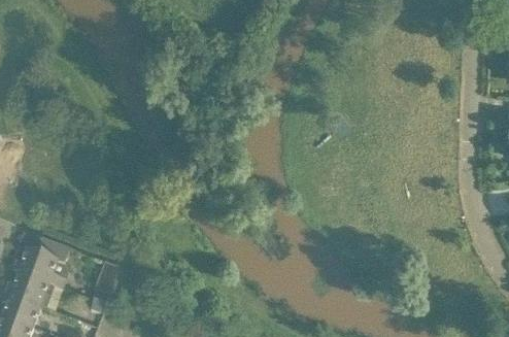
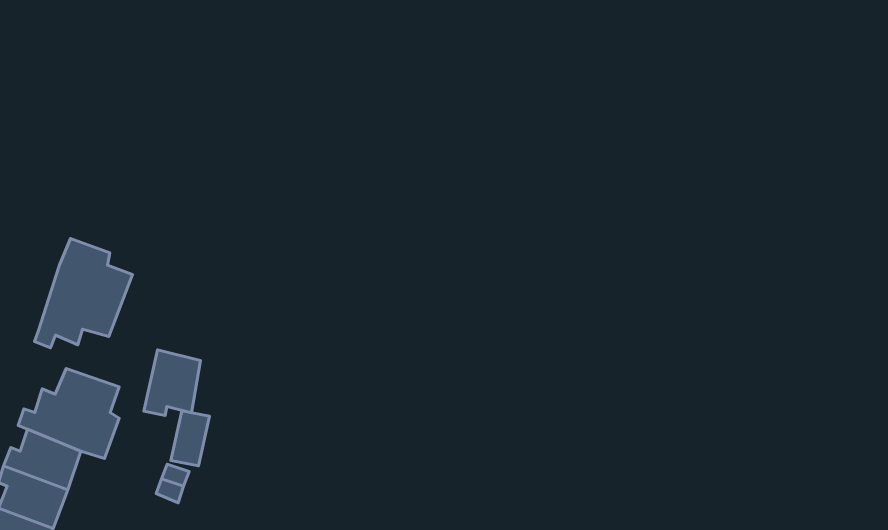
building: none -> [35,238,132,348]
building: none -> [144,350,201,415]

